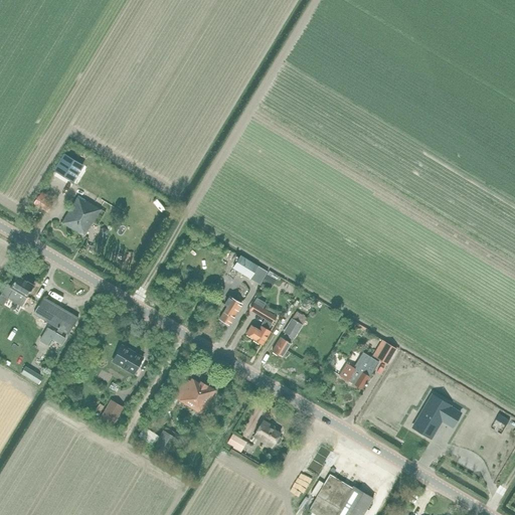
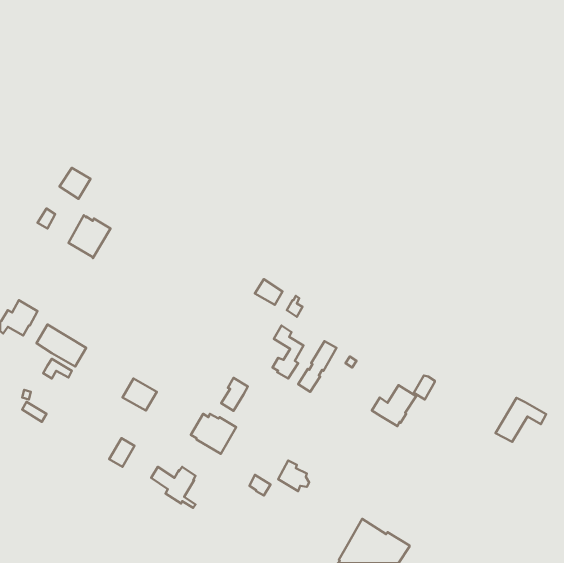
building: [218,295,242,325] -> [221,378,248,411]
building: [414,396,461,437] -> [495,398,546,442]

